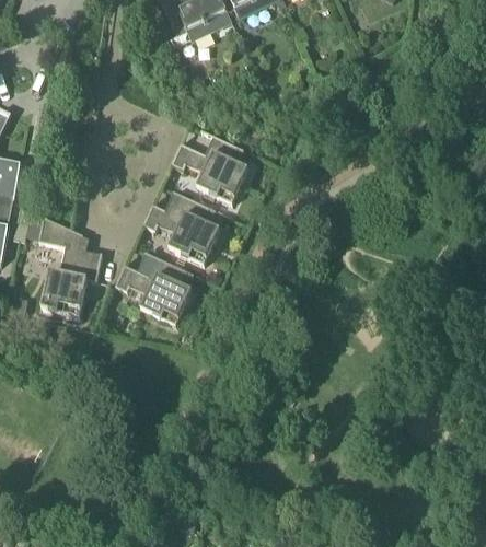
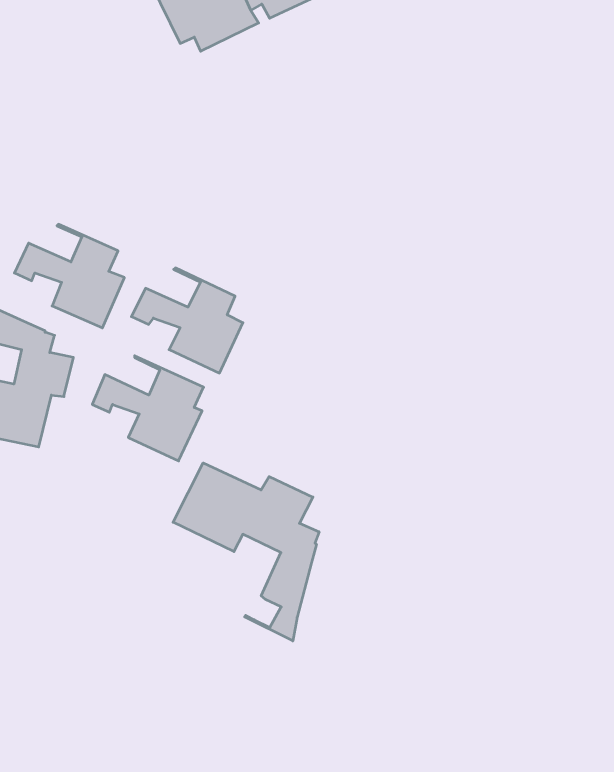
building: [171,130,247,202] -> [14,224,124,328]
building: none -> [173,463,319,641]

